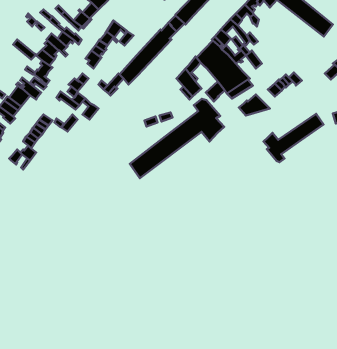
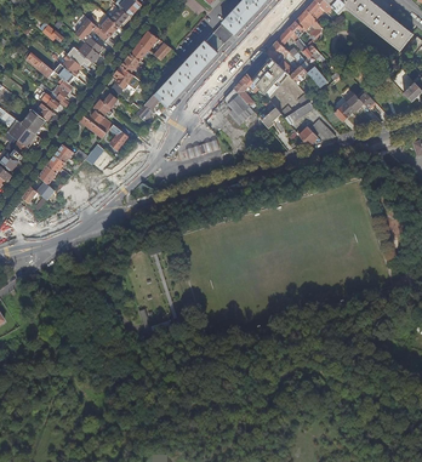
building: [130,99,224,178] -> none
building: [264,114,323,162] -> none

